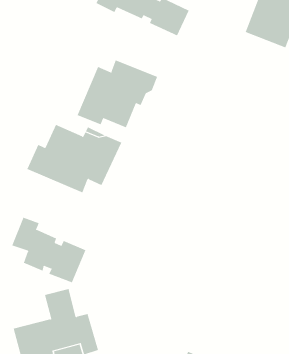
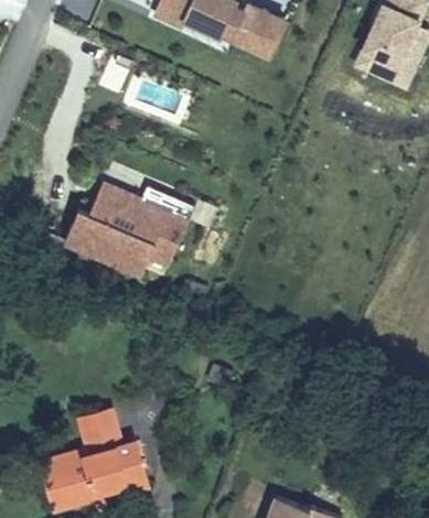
building: [77,60,158,128] -> none
building: [12,217,86,283] -> none

